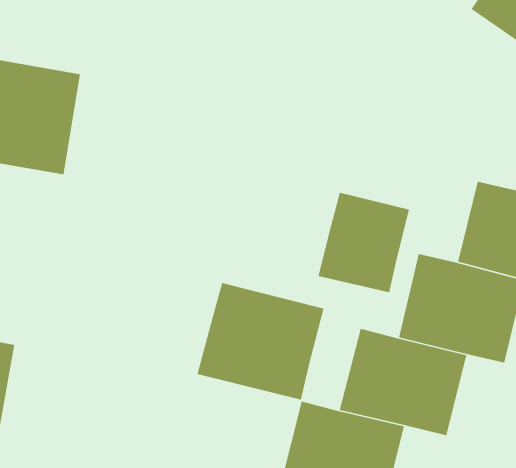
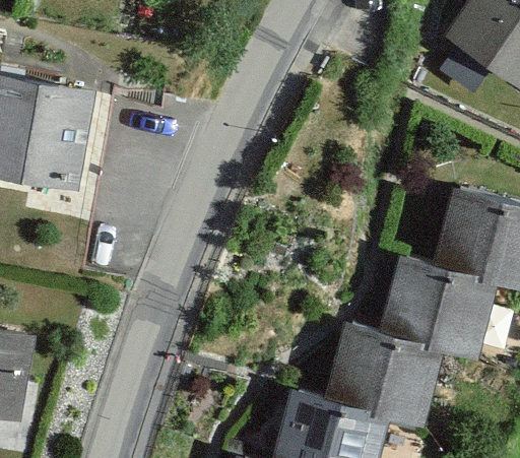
building: [318,192,410,293] -> none
building: [196,282,325,400] -> none

